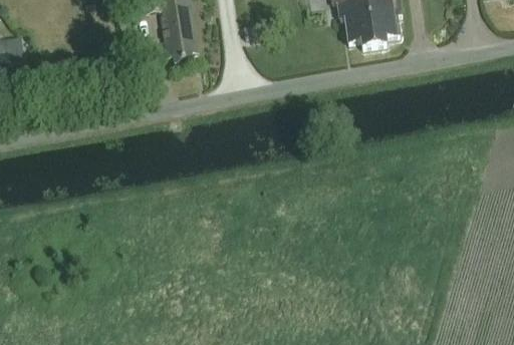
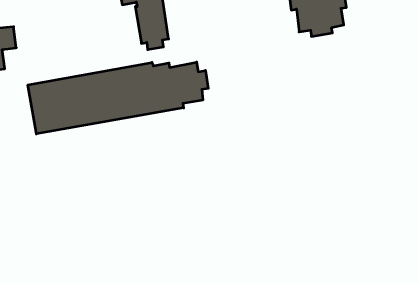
building: none -> [28,62,208,134]

